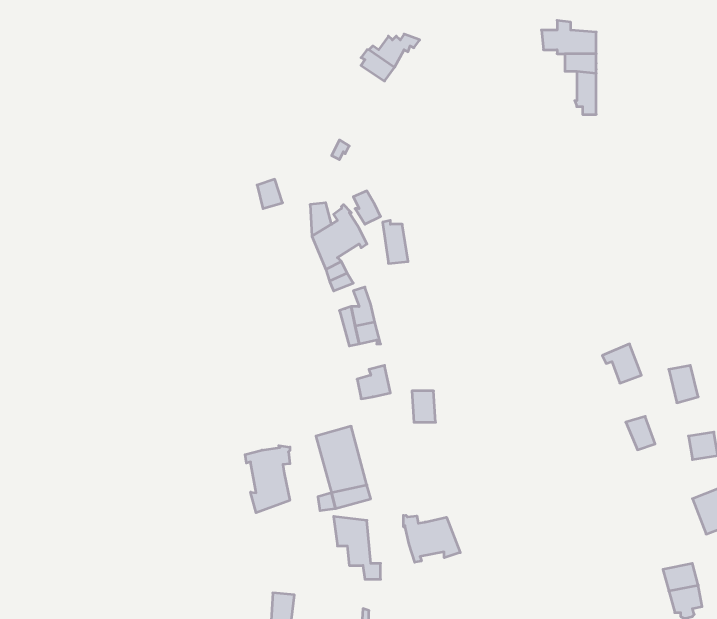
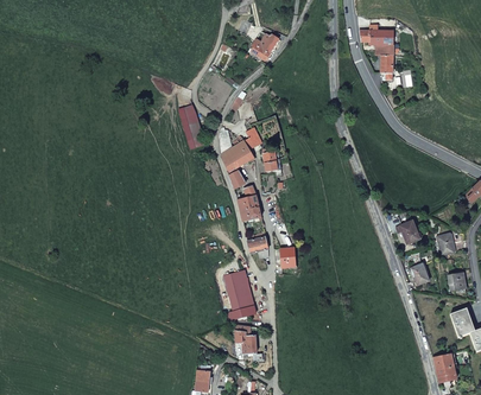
building: [245,446,290,513] -> none
building: [403,515,460,562] -> none

